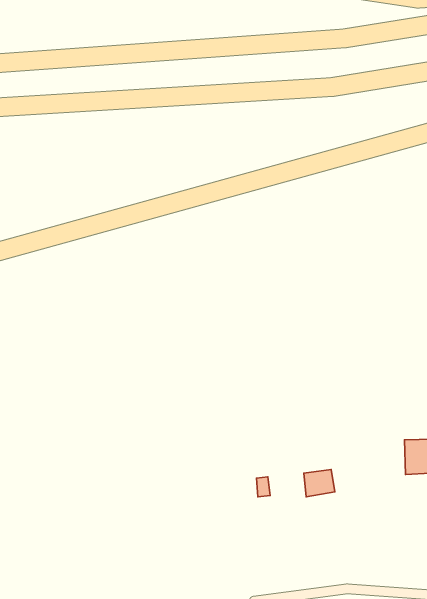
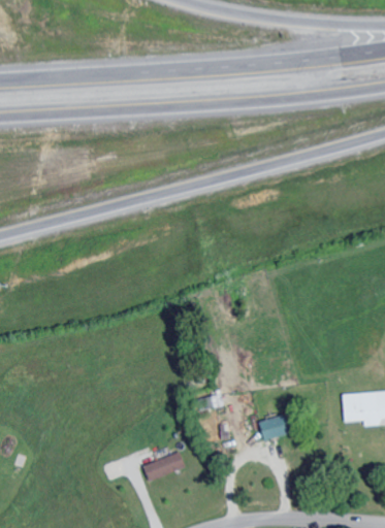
building: none -> [143,453,186,478]

